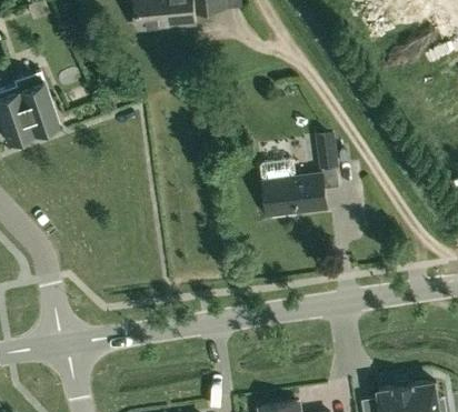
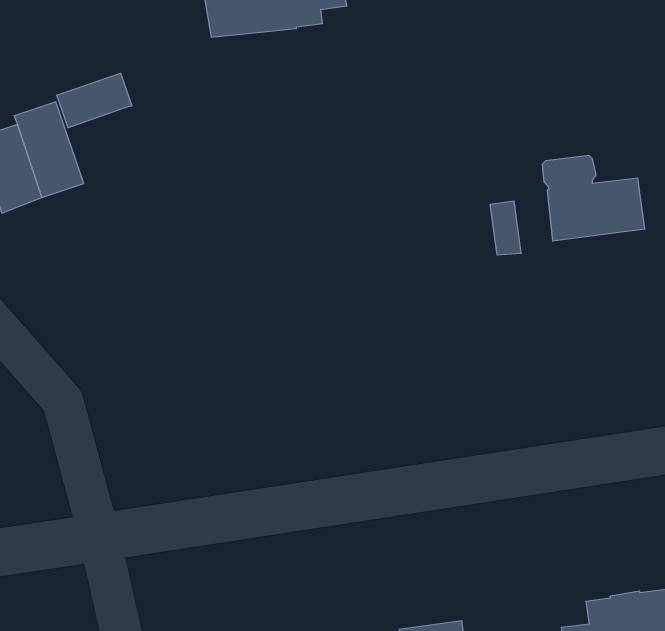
building: none -> [57,73,132,128]
building: [261,161,327,215] -> [542,156,645,241]

